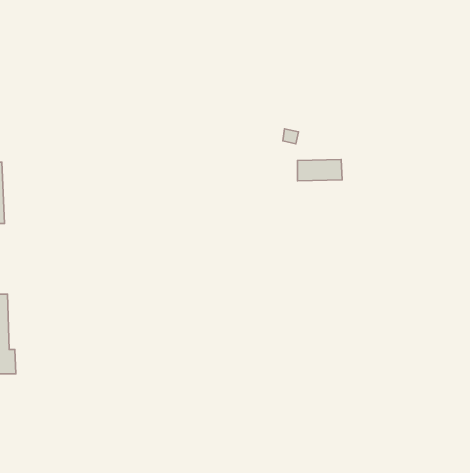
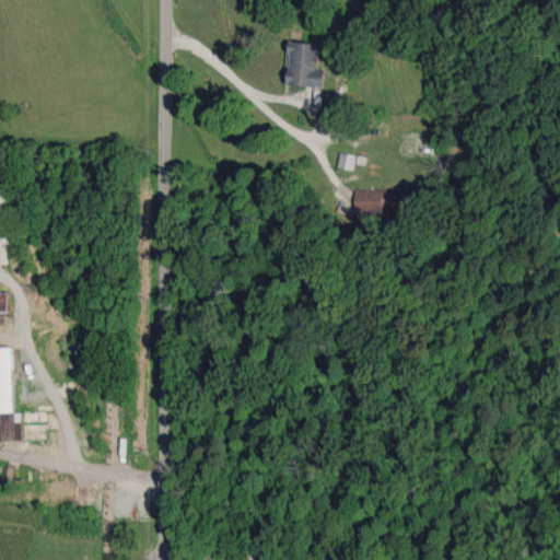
building: none -> [284,43,320,88]

